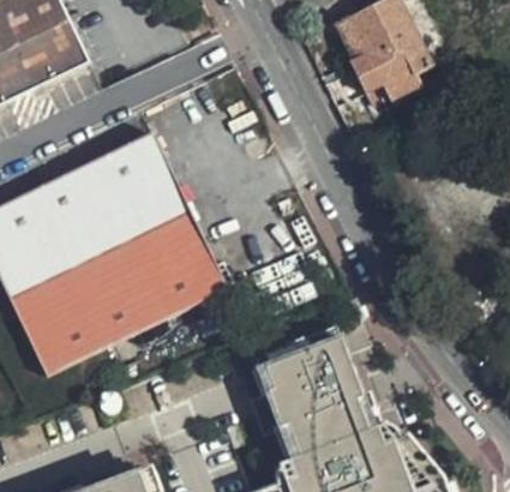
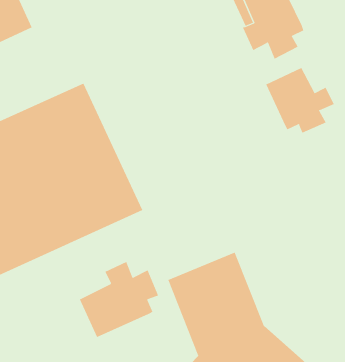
building: none -> [265,67,335,134]
building: none -> [79,261,159,338]

